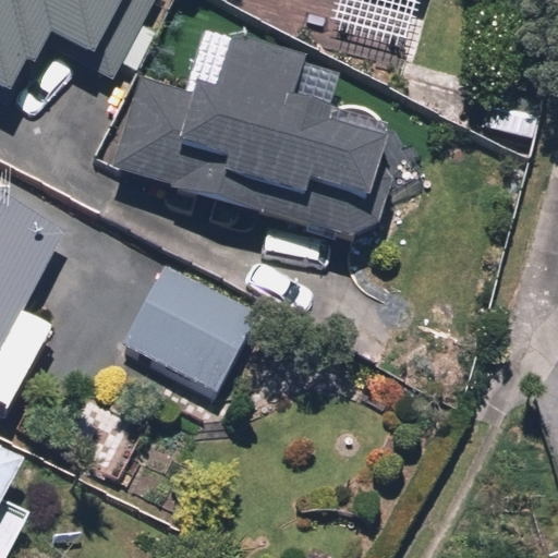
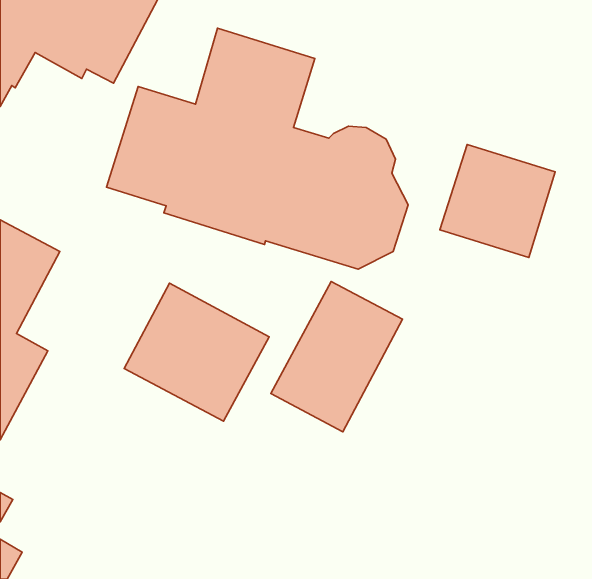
building: none -> [440,145,555,258]
building: none -> [271,282,403,432]

